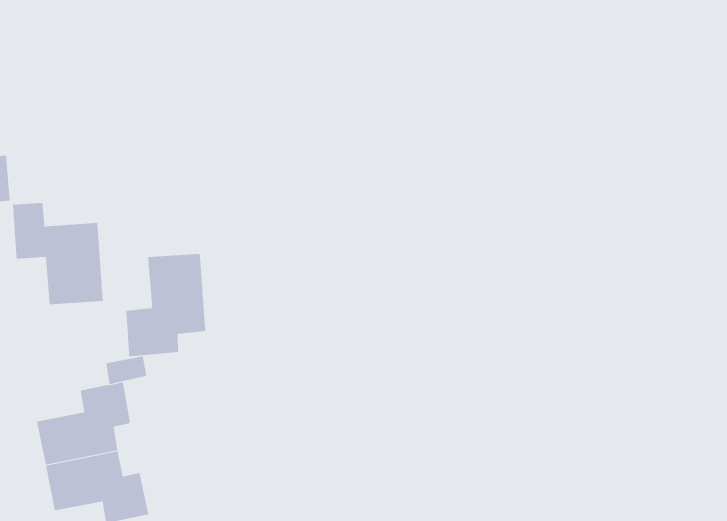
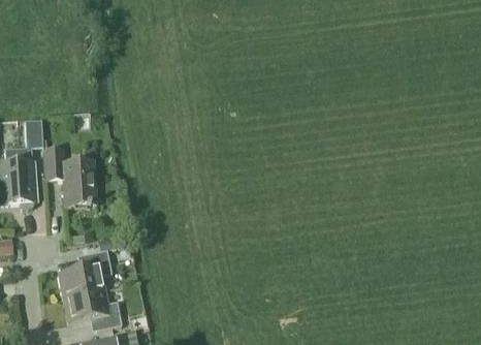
building: [126,253,206,357] -> none

